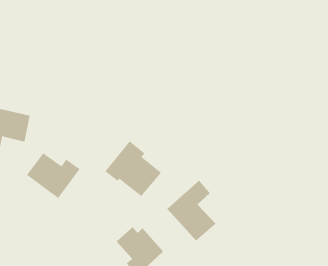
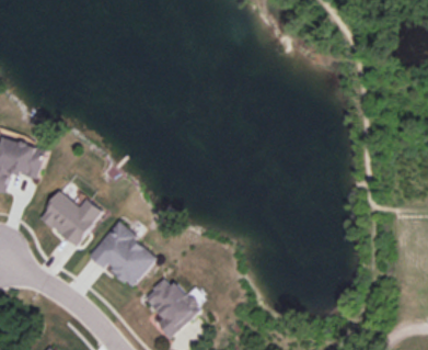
building: [105,140,162,197] -> [89,221,157,287]
building: [167,180,216,241] -> none

